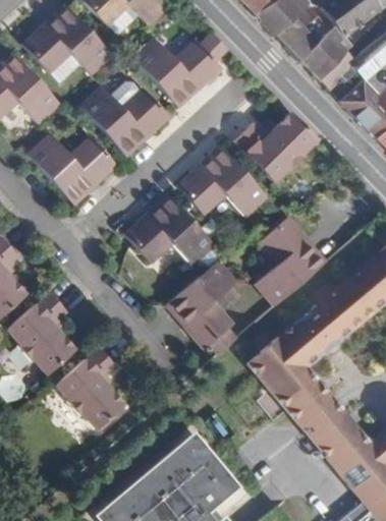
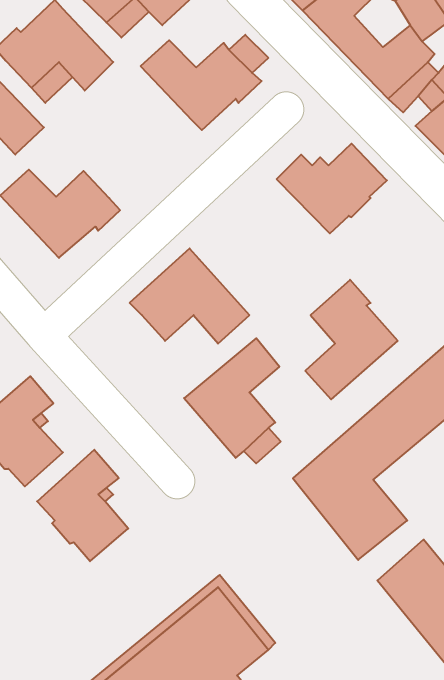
building: [80,85,171,153] -> none
building: [178,147,268,217] -> none
building: [296,397,345,442] -> none

